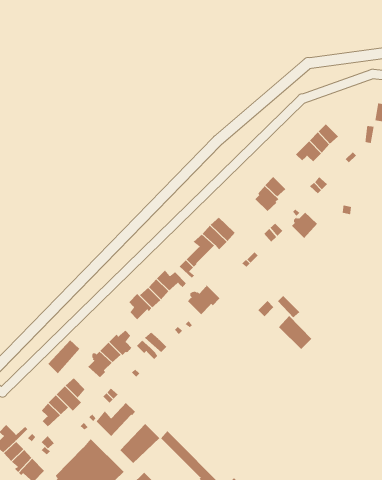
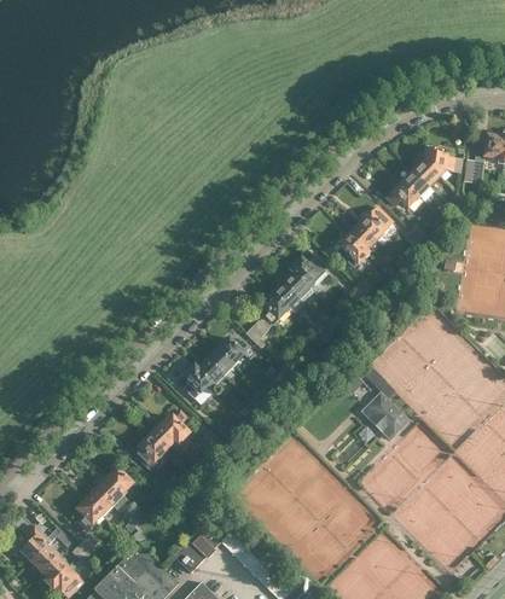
building: none -> [424,147,463,175]
building: none -> [290,258,329,291]
building: [291,212,318,239] -> [360,207,393,239]
building: [187,285,221,315] -> none
building: [48,340,80,374] -> none
building: [96,402,136,437] -> none

